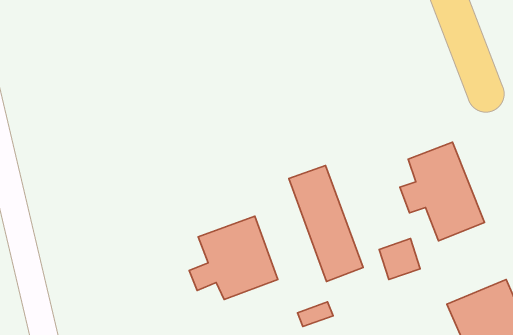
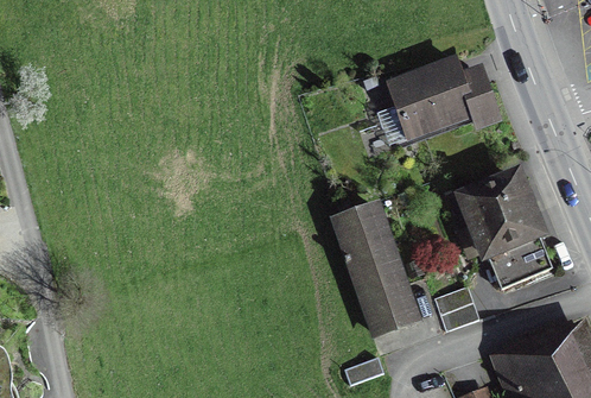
building: none -> [390,61,496,137]
building: [189,216,278,299] -> none

